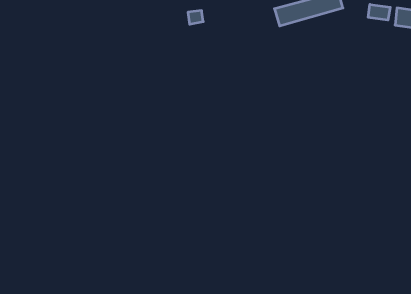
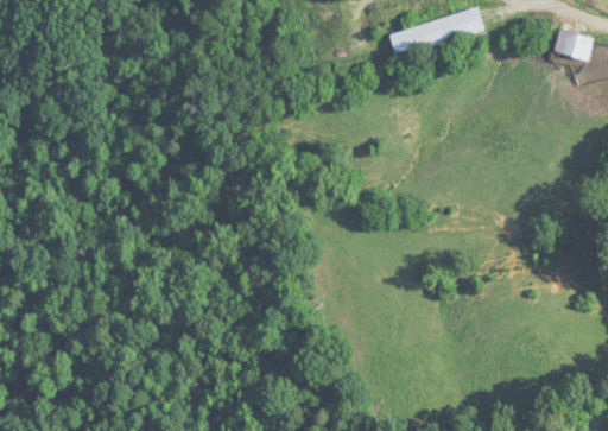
building: [368,4,390,20] -> none

